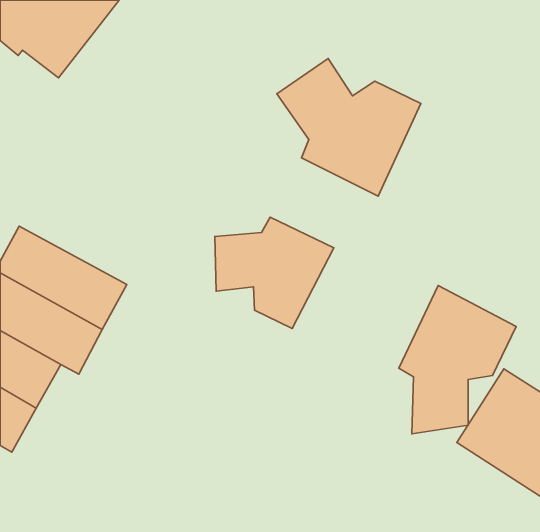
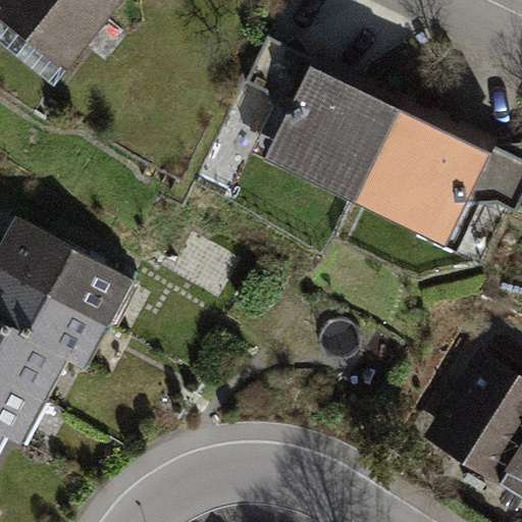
building: none -> [366,111,500,234]
building: [215,217,334,329] -> none
building: [399,286,516,434] -> none

